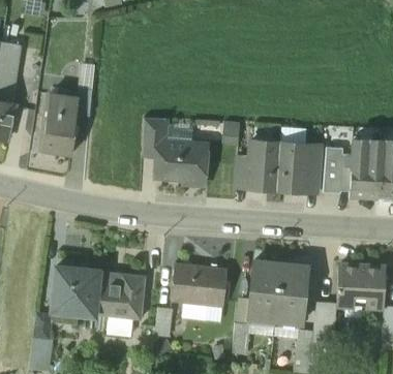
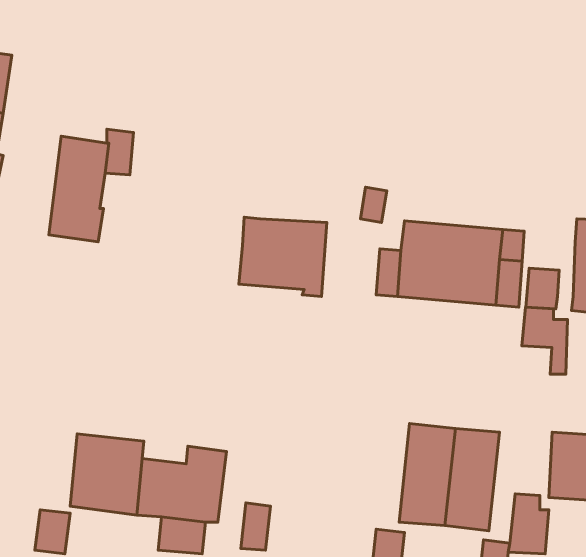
building: [143,118,167,156] -> none
building: [325,147,352,186] -> [522,307,568,374]
building: [171,263,228,306] -> none

